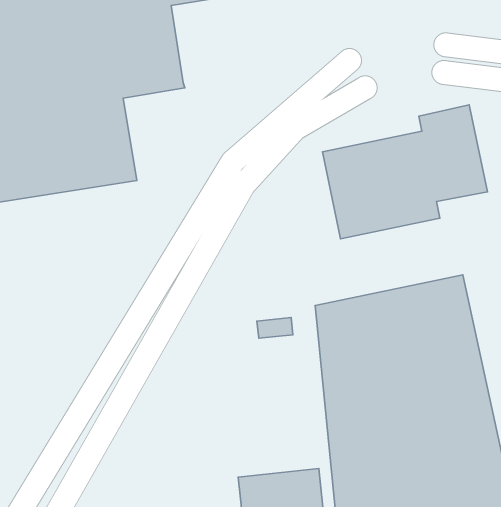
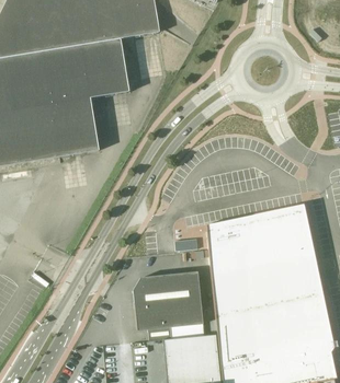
building: [322,105,487,239] -> none
building: none -> [133,271,202,340]

